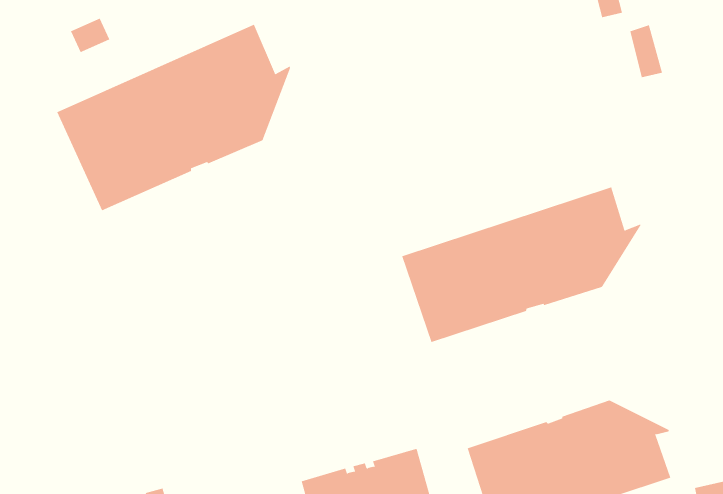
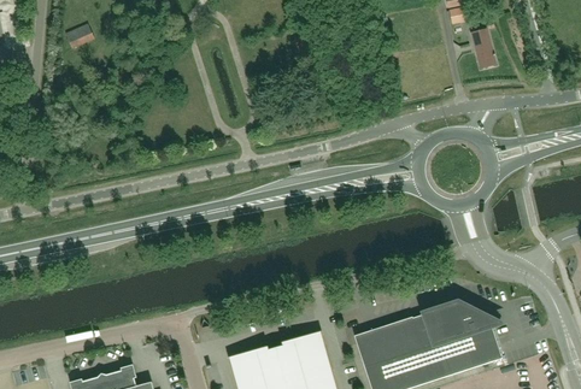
building: [57,24,291,211] -> none
building: [402,187,641,343] -> none

